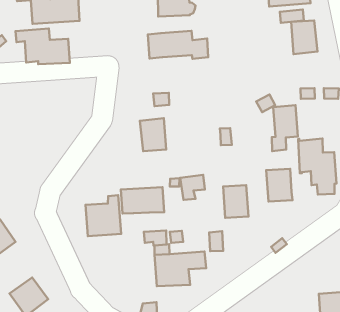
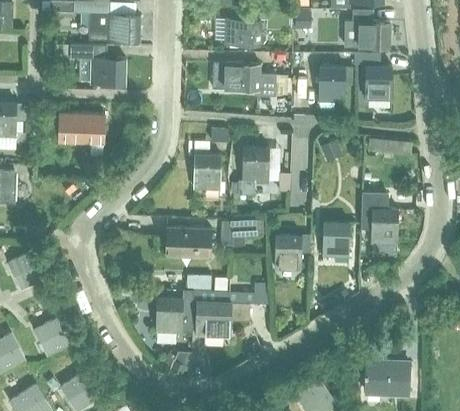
building: none -> [319,67,353,101]
building: none -> [59,111,104,144]
building: [272,105,298,151] -> [238,148,268,195]
building: [86,195,121,236] -> [156,290,193,332]

